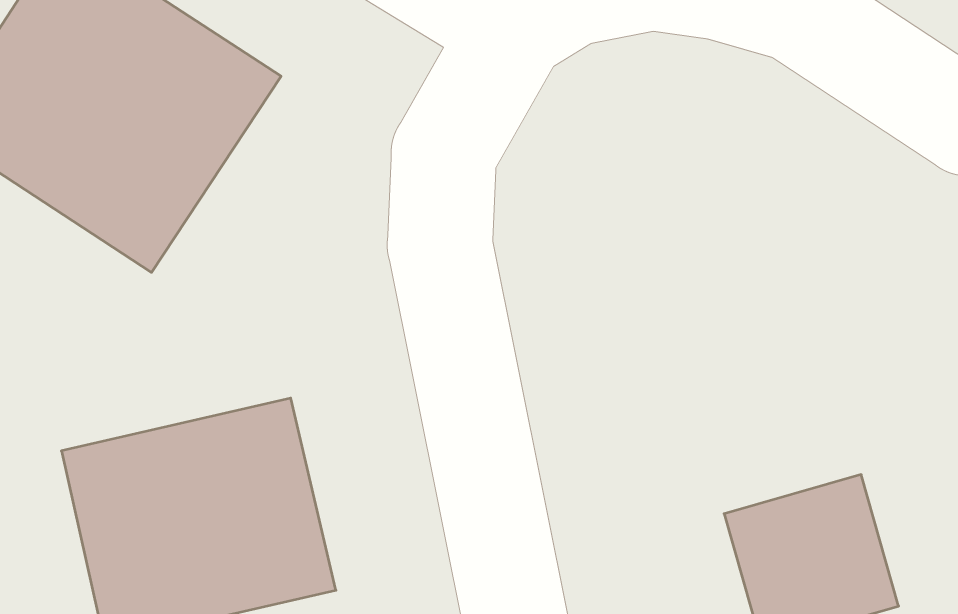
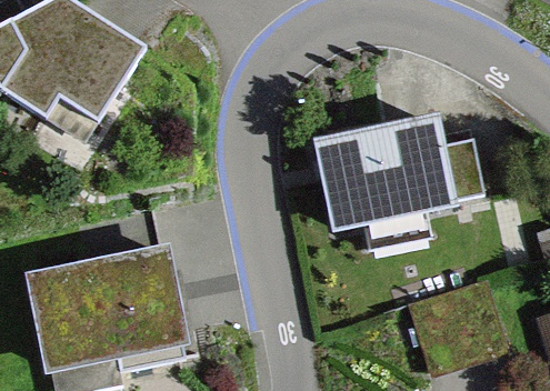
building: none -> [294,113,474,228]

